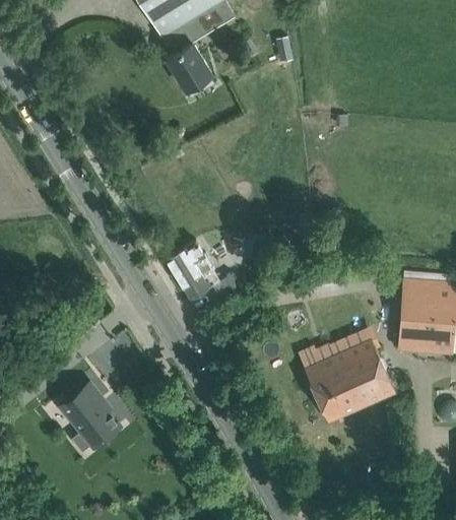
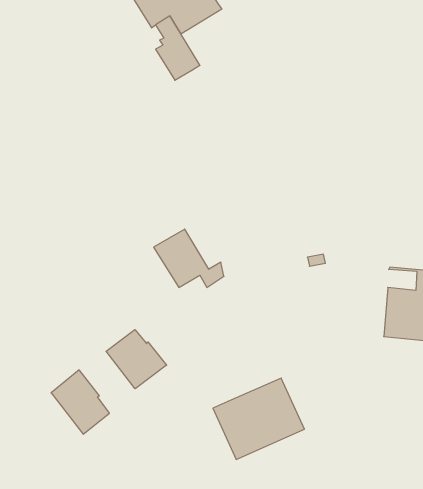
building: [304,337,396,419] -> [213,378,304,459]
building: none -> [106,330,167,389]

